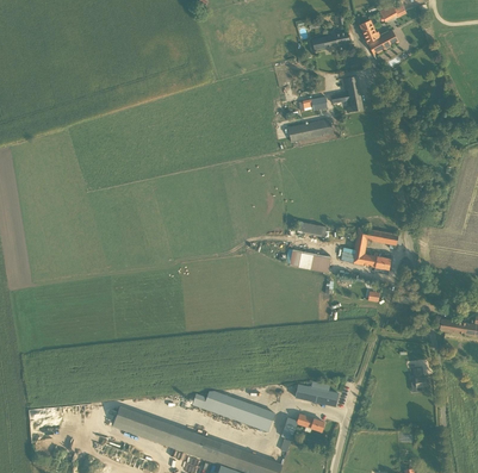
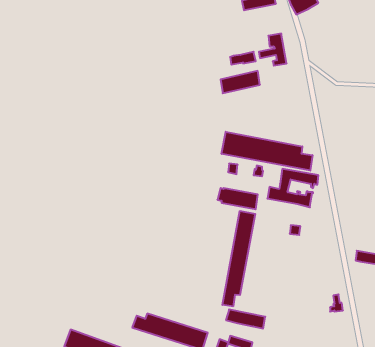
building: none -> [222,132,312,171]
building: none -> [222,211,255,306]

